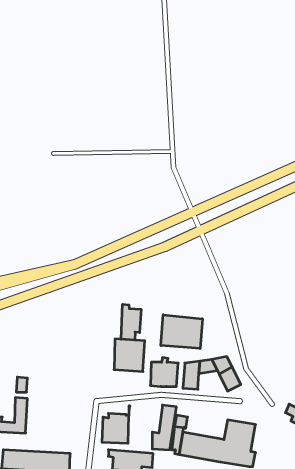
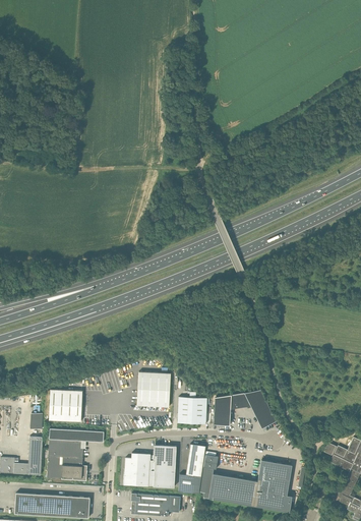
building: [121,304,141,340] -> none
building: [161,315,202,349] -> none
building: none -> [49,389,82,421]
building: none -> [47,428,104,480]
building: none -> [153,445,176,487]

